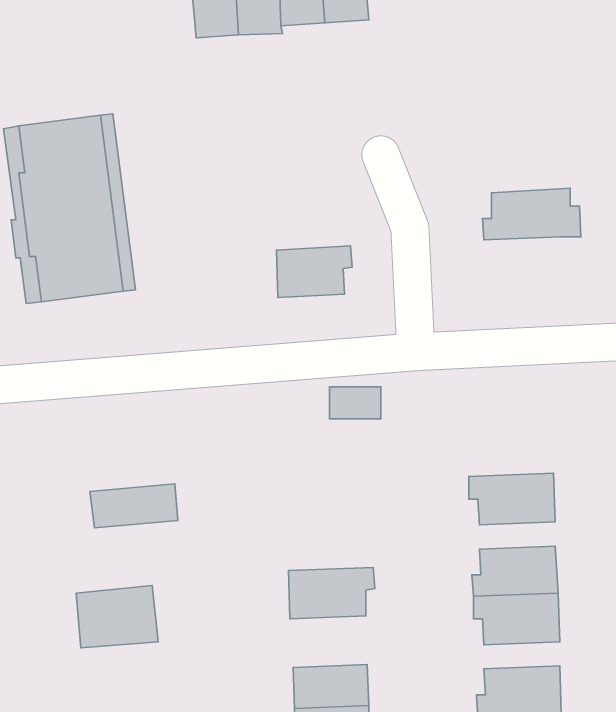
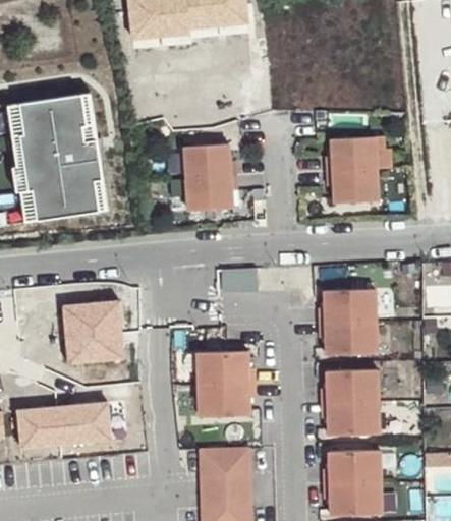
building: none -> [187,141,239,176]
building: none -> [329,167,381,201]
building: none -> [318,294,376,328]
building: none -> [62,299,121,338]
building: none -> [196,357,255,391]
building: none -> [16,406,58,447]

